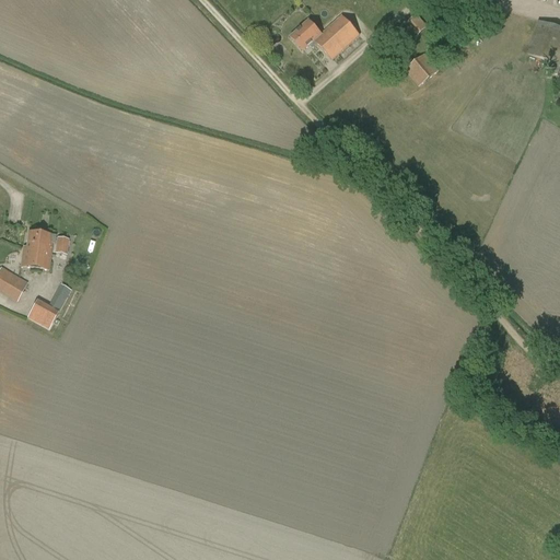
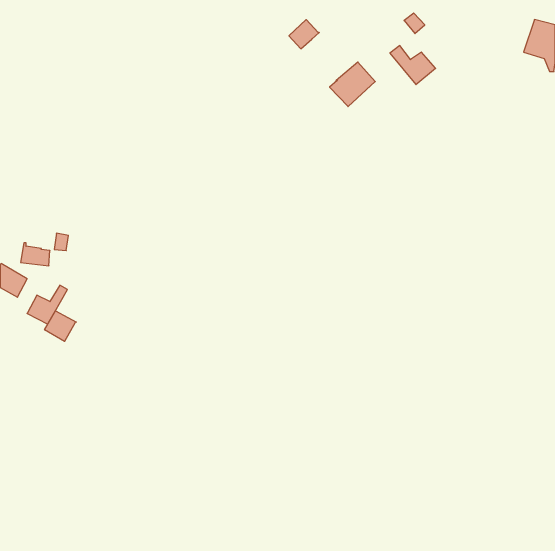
building: [314,14,360,59] -> [330,62,375,107]
building: [26,231,56,253] -> none
building: none -> [45,311,76,341]

